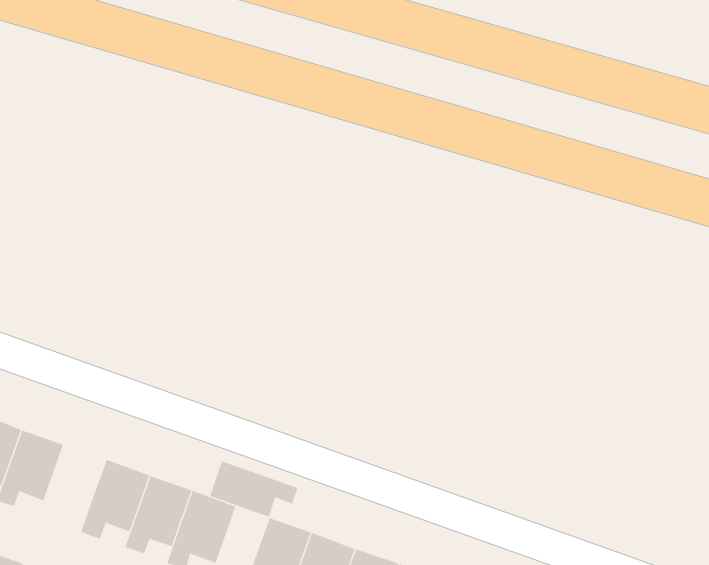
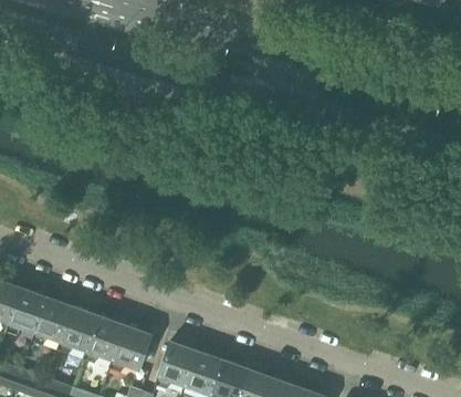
building: none -> [31,297,72,345]
building: [210,460,298,518] -> none

